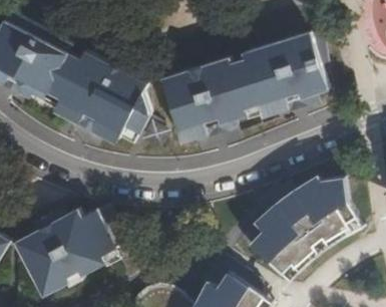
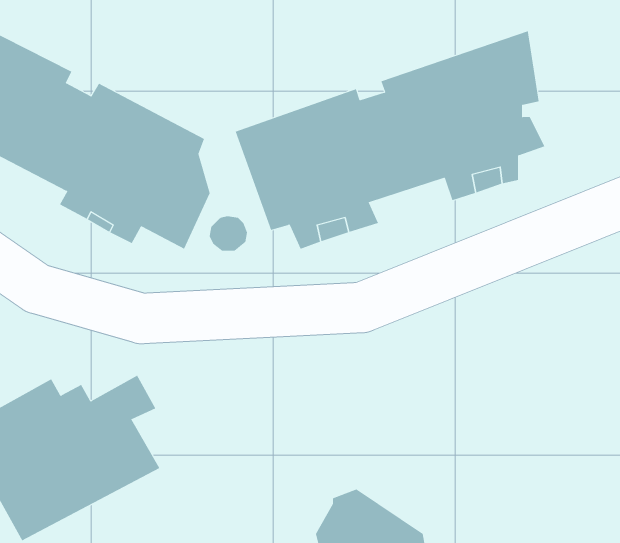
building: [240,176,361,282] -> none

